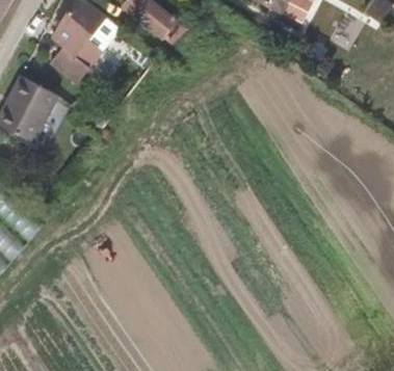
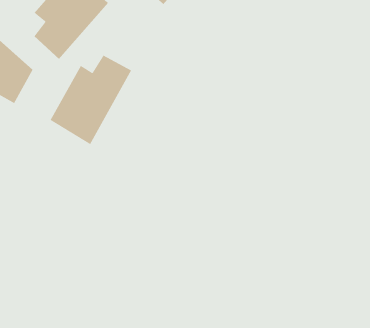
building: none -> [49,55,132,145]

